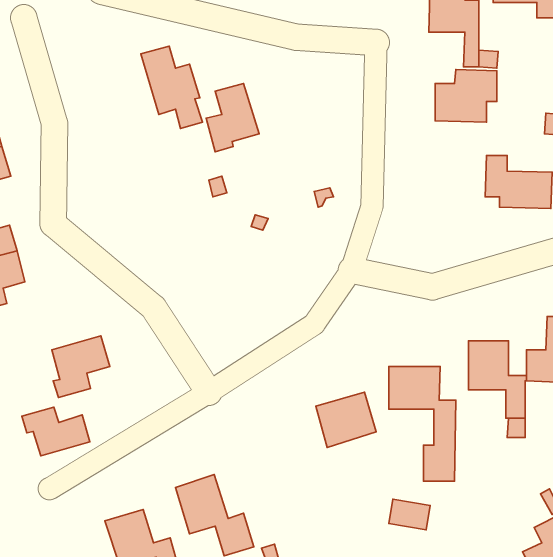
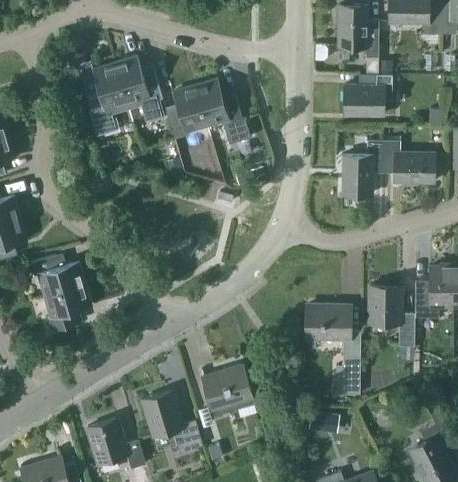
building: none -> [85,63,128,136]
building: none -> [194,79,250,143]
building: none -> [341,141,383,195]
building: [316,392,376,447] -> [203,365,250,408]
building: [22,407,90,456] -> [30,255,83,293]

